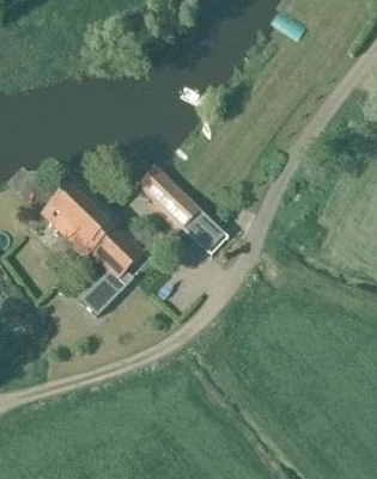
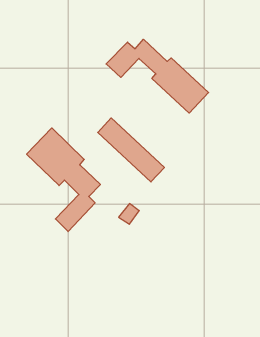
building: none -> [106,39,209,113]

